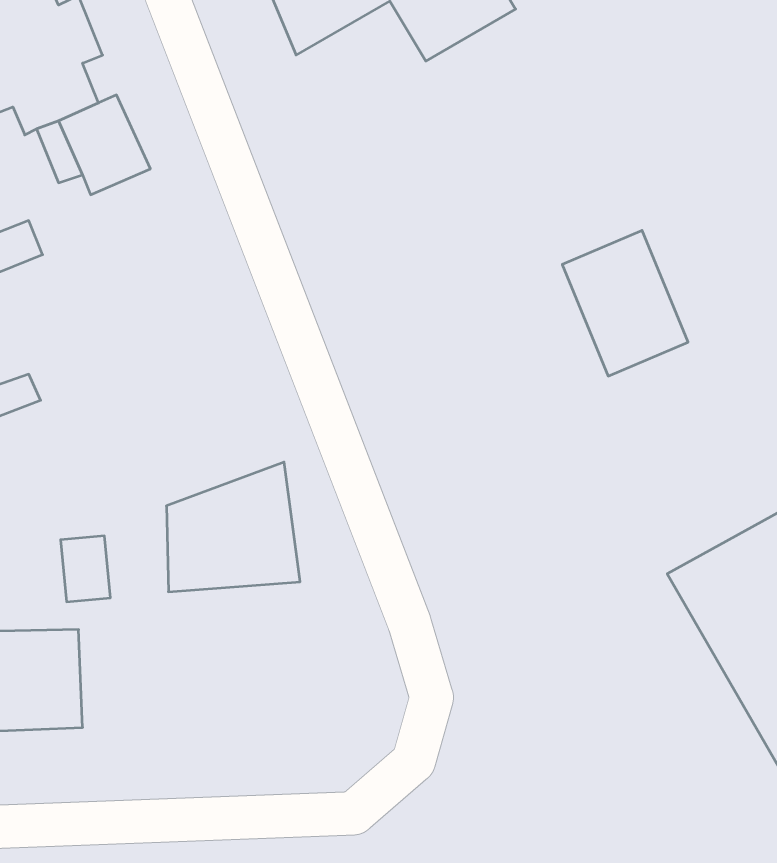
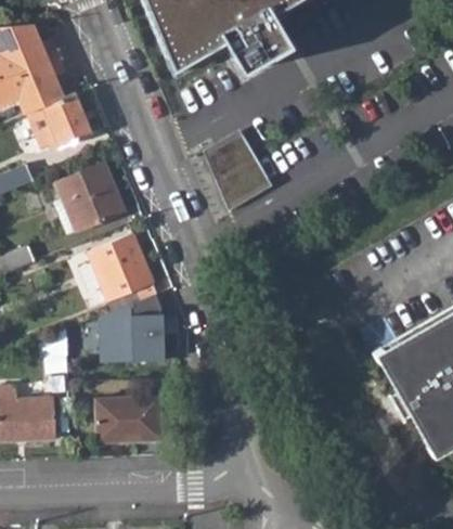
building: none -> [62,163,124,231]
building: [562,230,688,376] -> [204,127,272,206]
building: none -> [81,233,154,301]
building: none -> [95,398,155,441]

